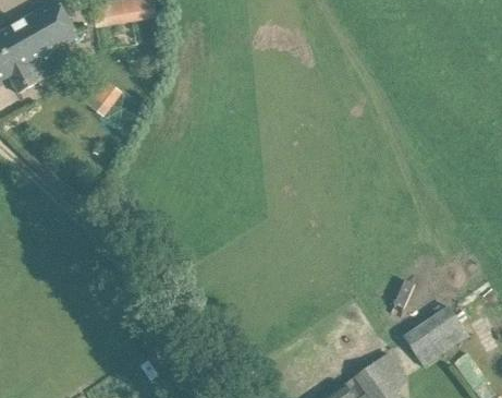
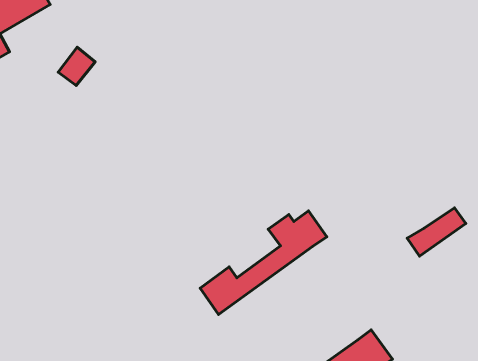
building: none -> [200,211,327,314]
building: [404,307,461,354] -> [407,208,466,256]

